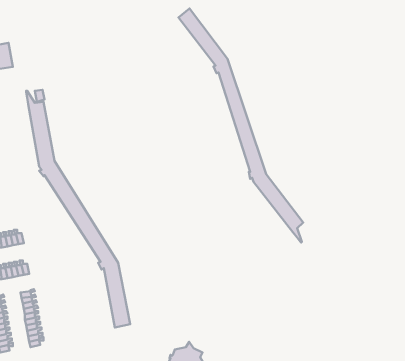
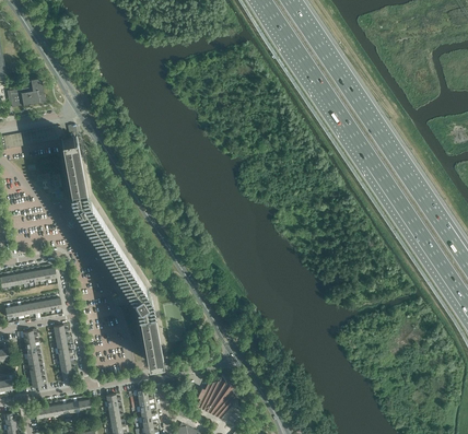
building: [178,8,303,243] -> none

